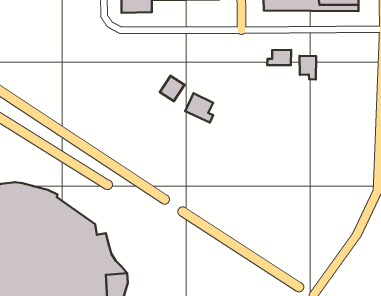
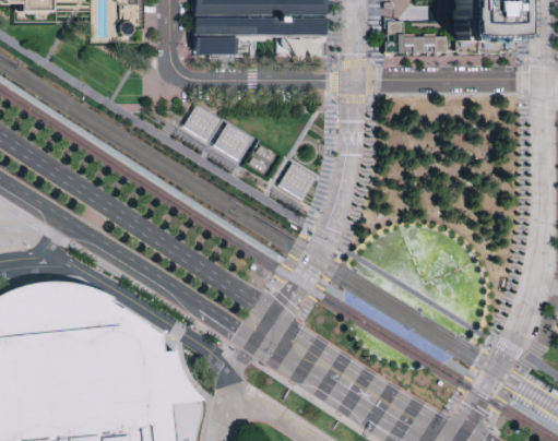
building: none -> [183,103,253,158]
building: [267,50,291,65] -> none
building: [299,56,316,79] -> none

